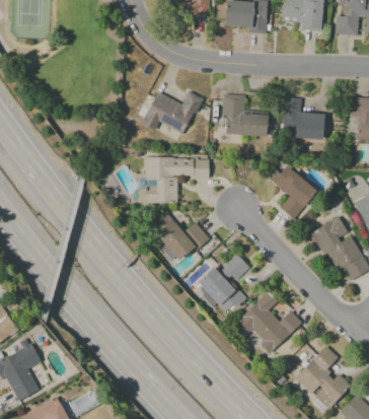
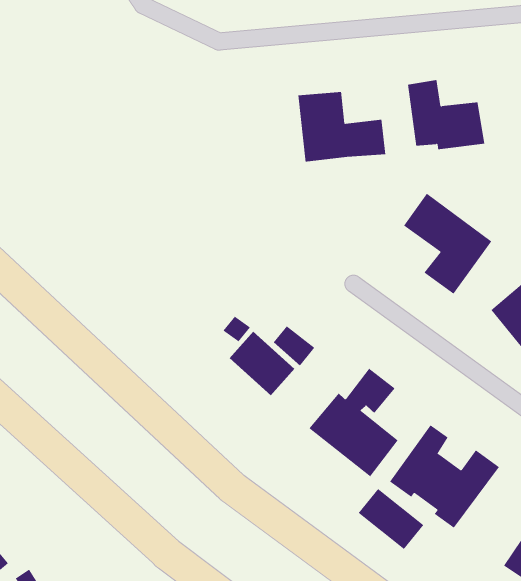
building: [143,86,202,133] -> none
building: [144,156,209,204] -> none
building: none -> [358,488,424,550]

